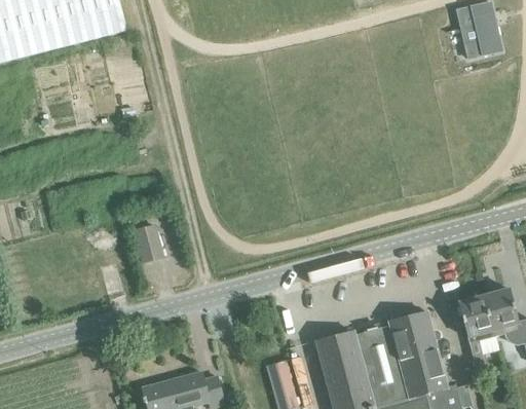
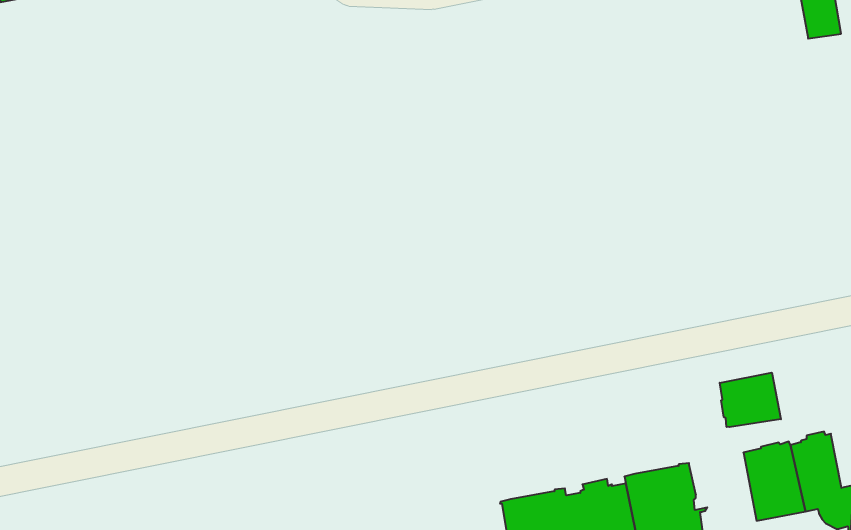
building: [135,225,162,262] -> none
building: none -> [720,373,781,427]

